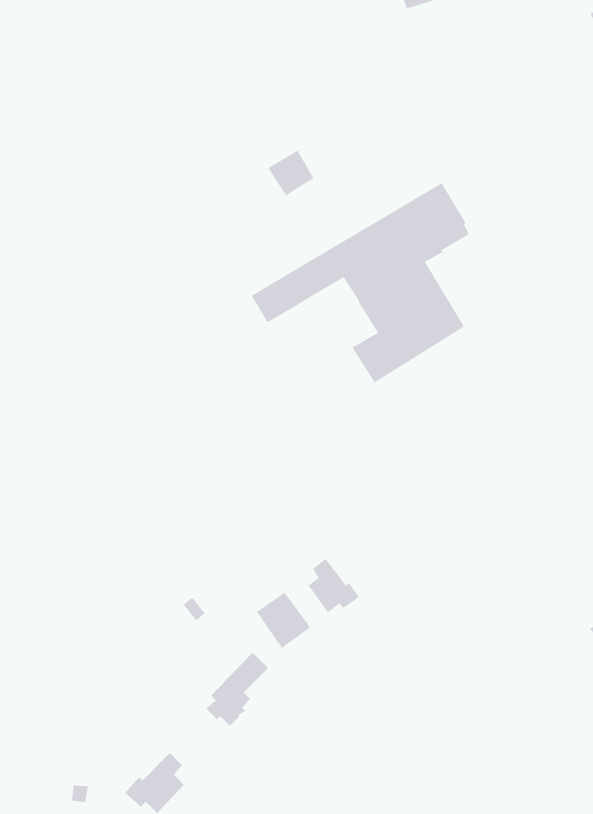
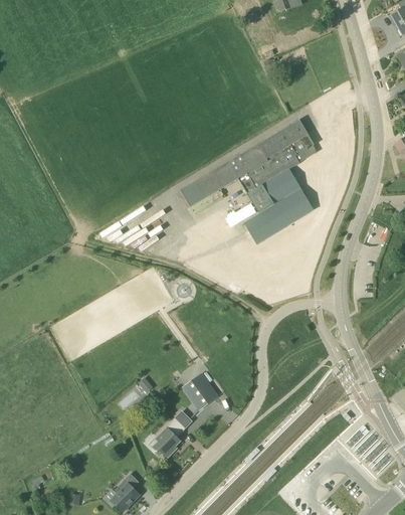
building: [268,150,314,197] -> none
building: [308,558,360,613] -> none

